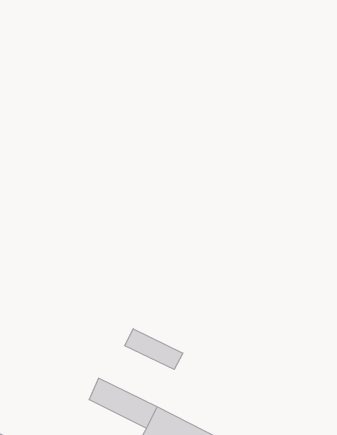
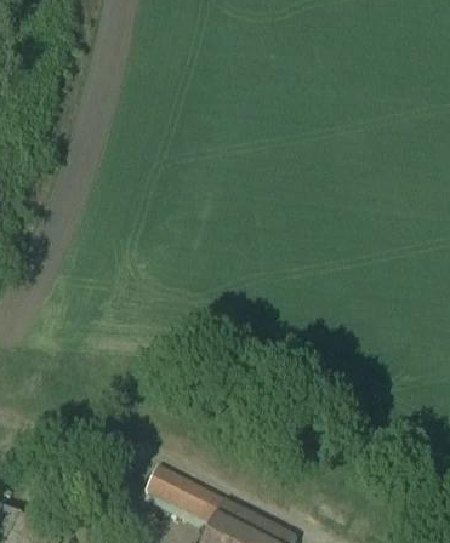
building: [125,329,183,369] -> none

